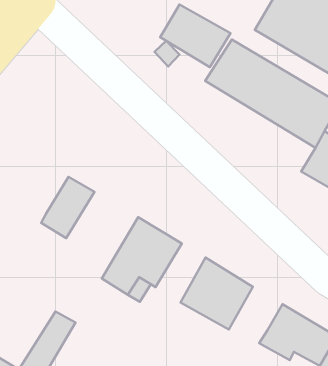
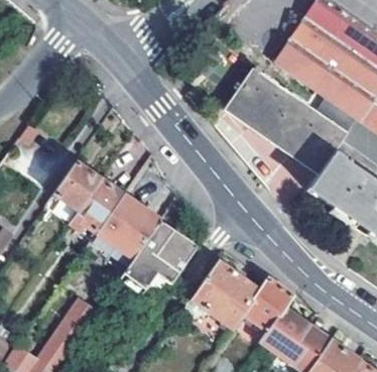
building: [160,5,230,67] -> none
building: none -> [51,162,100,212]
building: none -> [94,196,159,260]
building: none -> [239,277,291,330]

